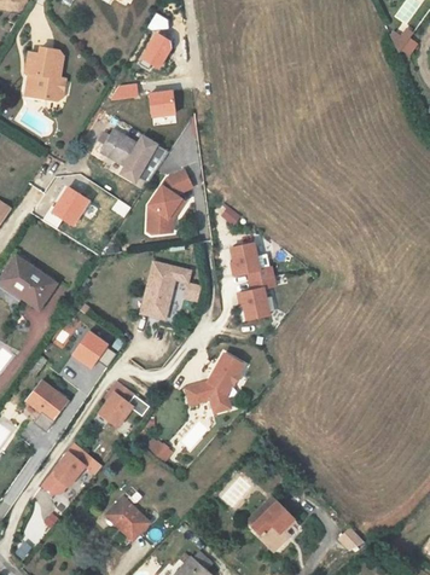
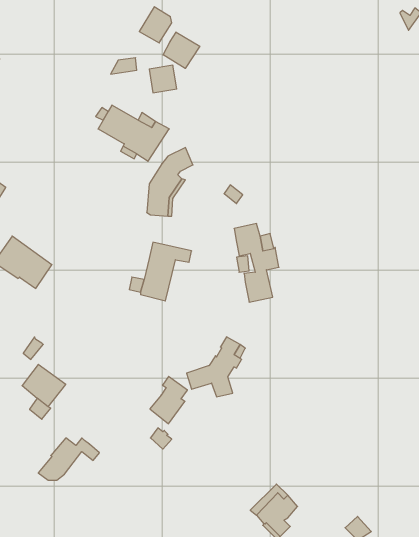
building: [25,47,65,100] -> none
building: none -> [163,32,200,68]
building: [41,187,87,228] -> none
building: [71,331,116,368] -> none
building: [98,382,134,428] -> [150,376,187,424]
building: [106,498,147,540] -> none

